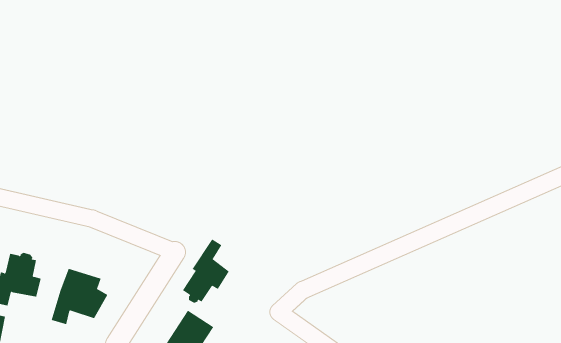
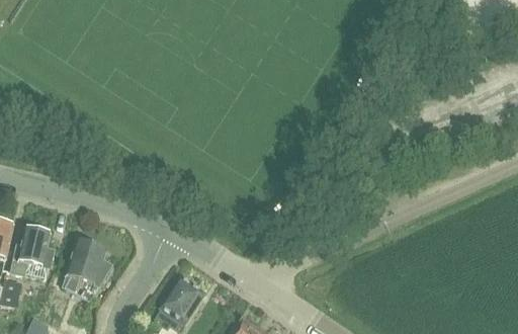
building: [182,238,230,304] -> none

